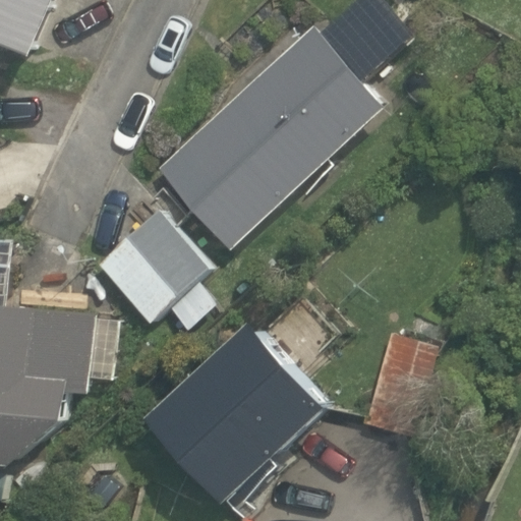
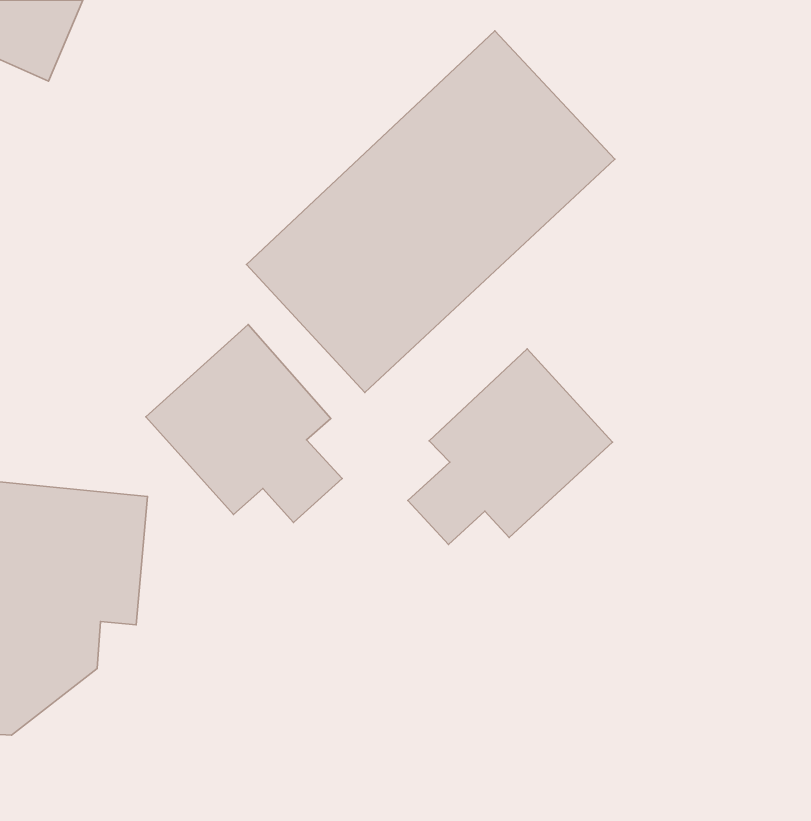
building: none -> [408,349,612,544]
building: [149,319,330,501] -> none

